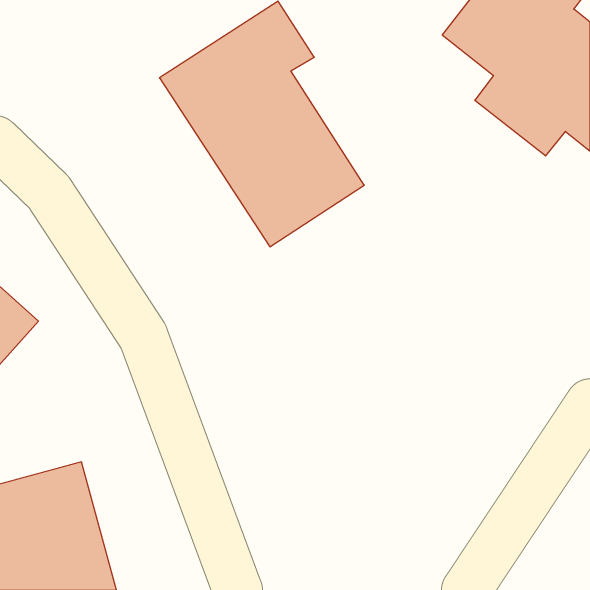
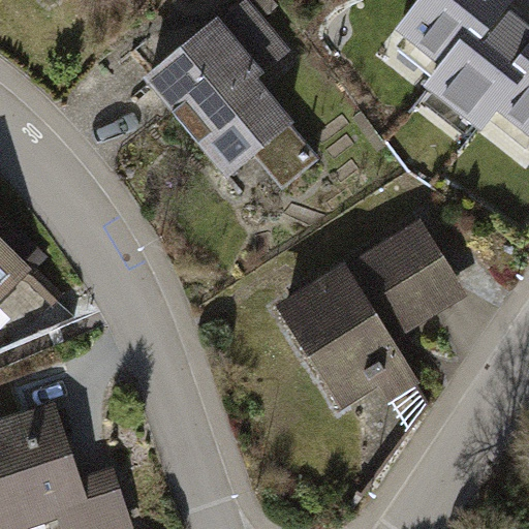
building: none -> [276,216,467,410]

